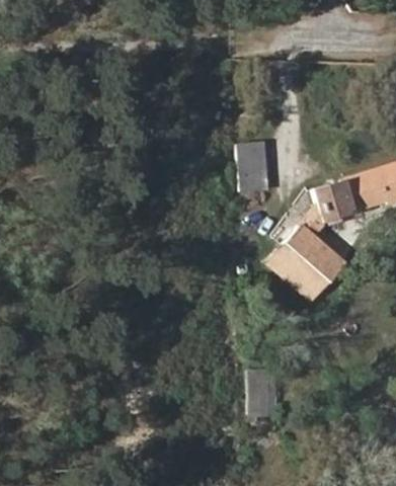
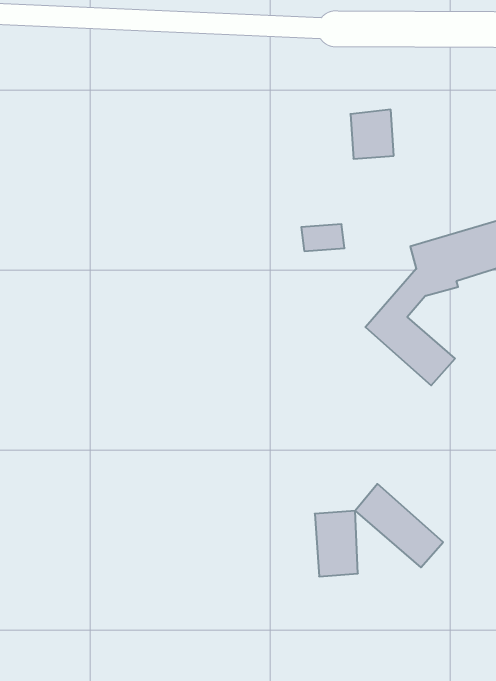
building: [237,143,266,176] -> [350,110,394,159]
building: [267,244,327,301] -> [355,484,443,567]

